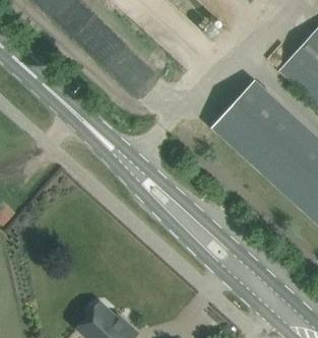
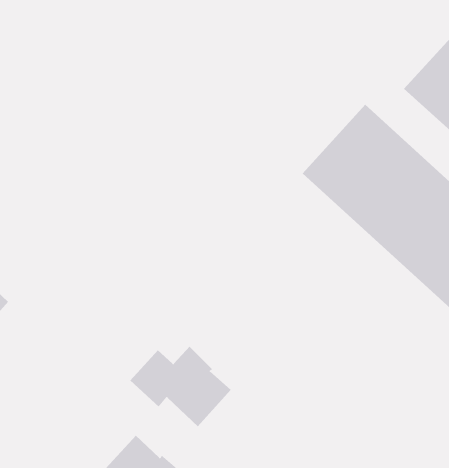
building: none -> [129,346,232,427]

